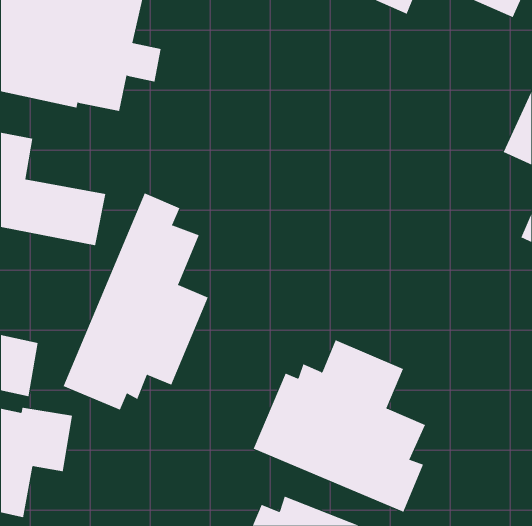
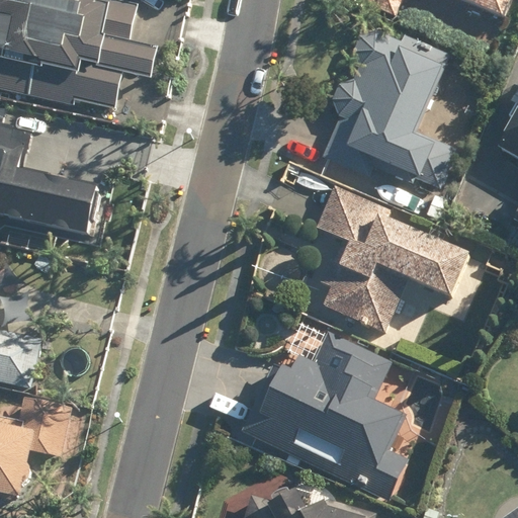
building: none -> [318,22,447,182]
building: none -> [313,179,465,331]
building: [63,192,209,410] -> none

